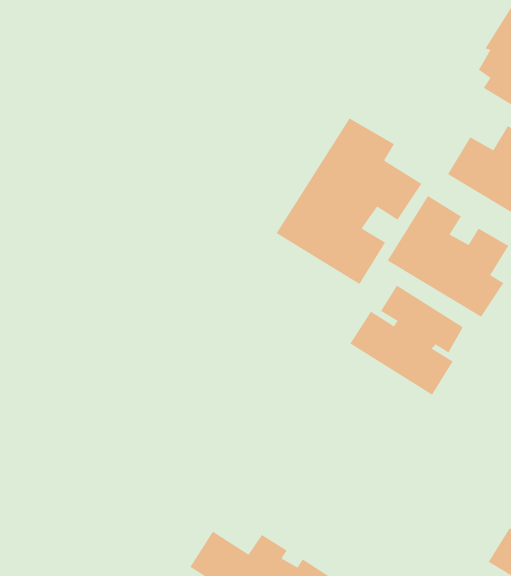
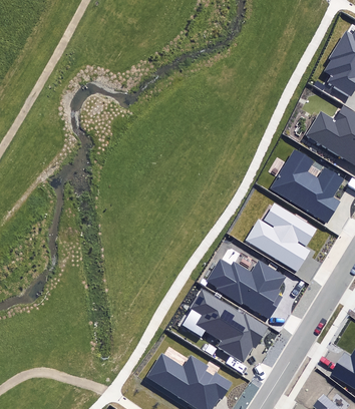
building: [276,118,422,285] -> none
building: none -> [207,259,286,319]
building: none -> [190,290,268,363]

